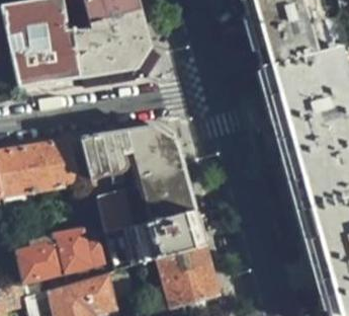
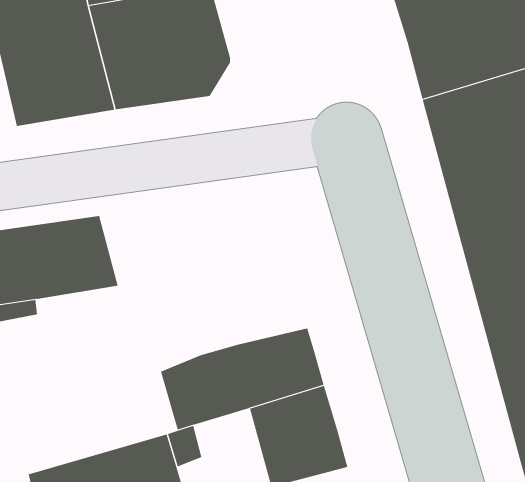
building: [79,127,192,234] -> none
building: [14,228,100,283] -> none

